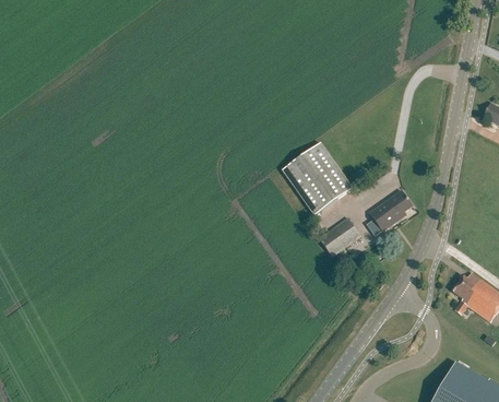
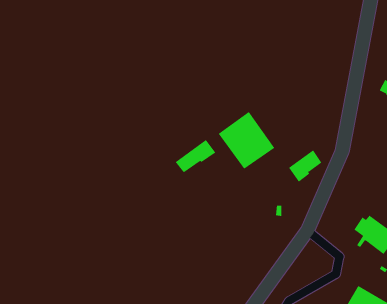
building: none -> [175,139,216,173]
building: [319,217,360,257] -> none

